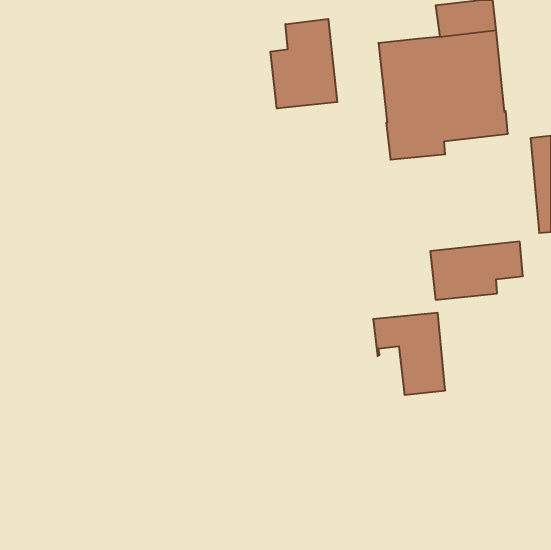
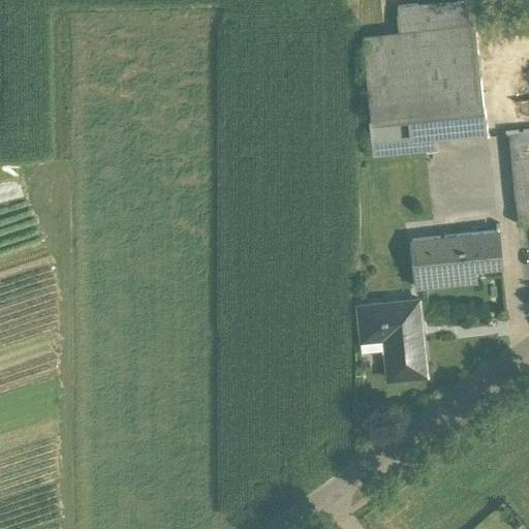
building: none -> [397,6,422,38]
building: [270,19,337,109] -> none

